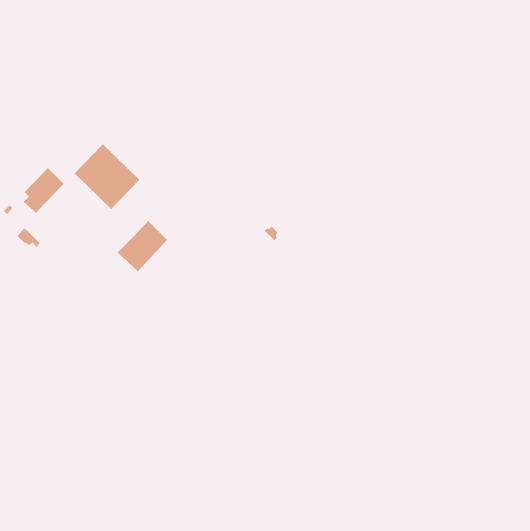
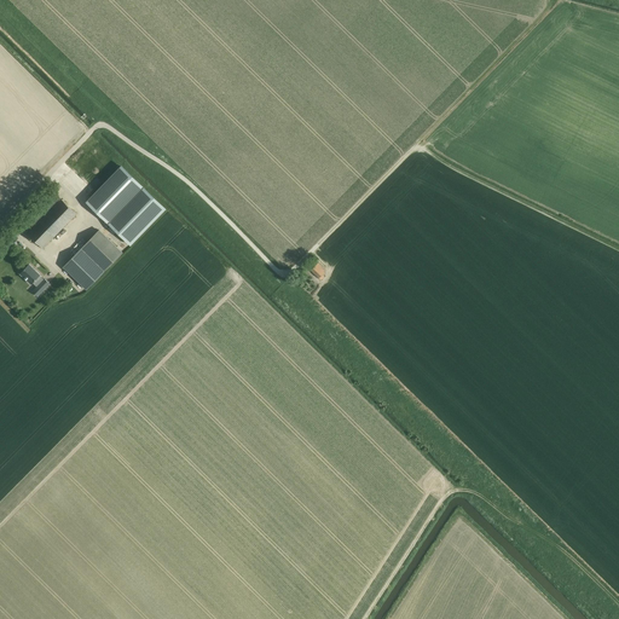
building: [117,220,168,272] -> [62,230,121,290]

